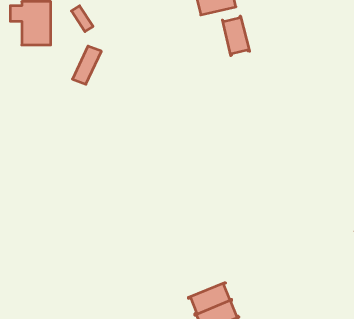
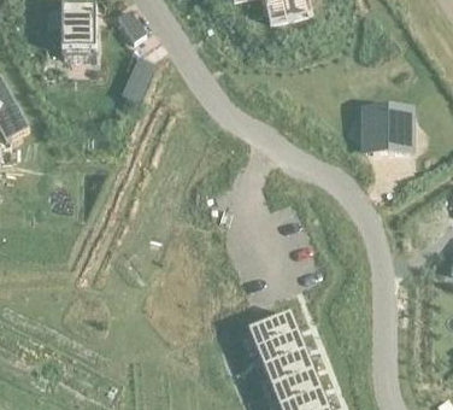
building: [222,16,250,56] -> none
building: none -> [364,109,410,150]
building: none -> [247,312,298,350]

